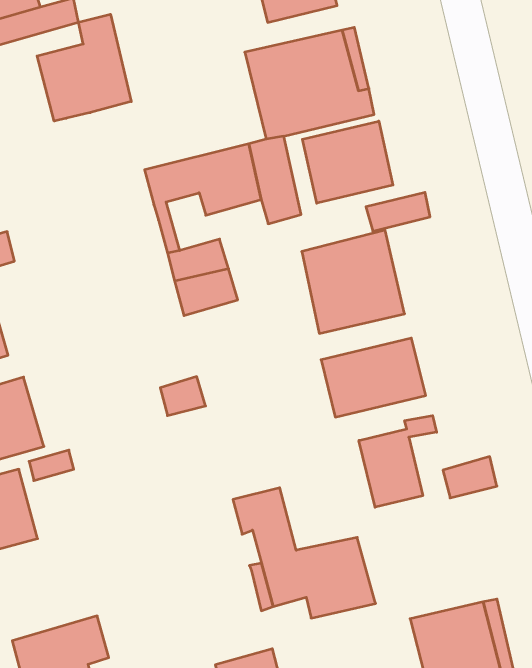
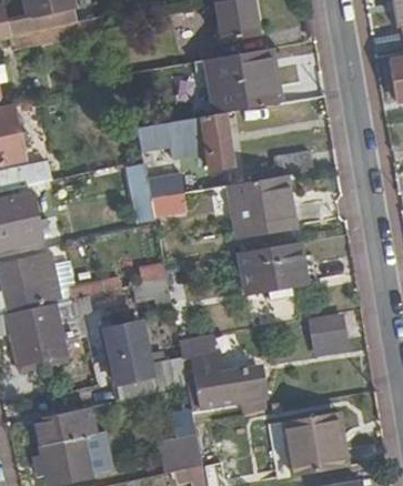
building: [37,14,131,121] -> none
building: [302,121,393,203] -> none
building: [359,416,437,507] -> none
building: none -> [112,322,170,399]

